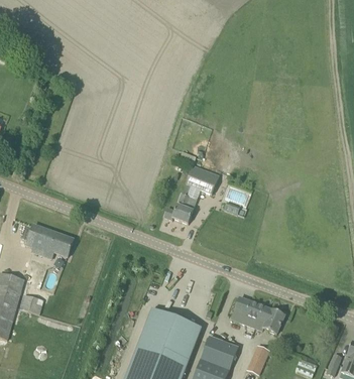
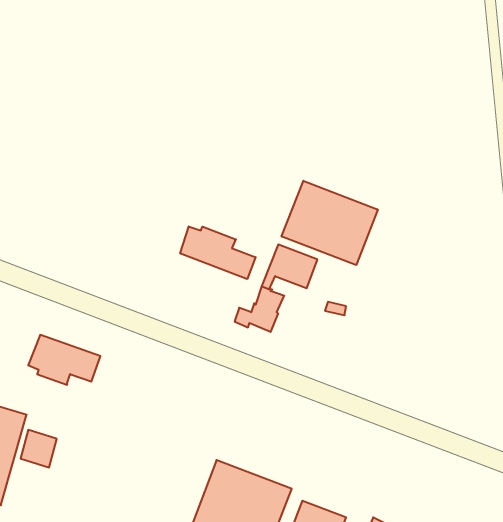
building: none -> [282,181,378,265]
building: none -> [180,226,256,279]
building: [232,296,285,333] -> none

